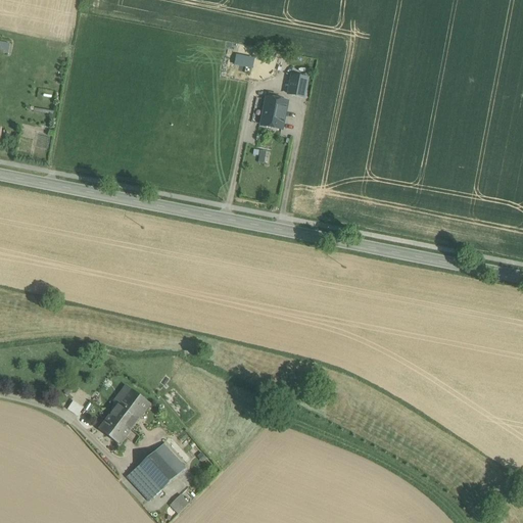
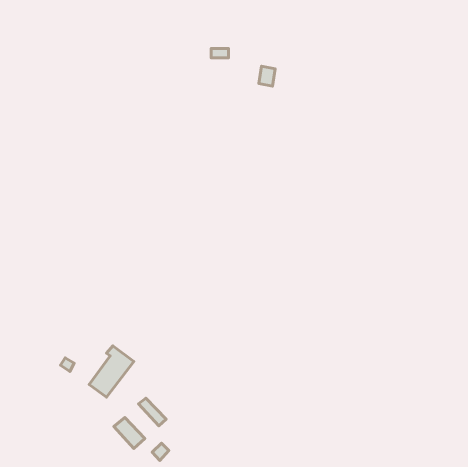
building: [257,91,287,124] -> none
building: [139,449,177,488] -> none

